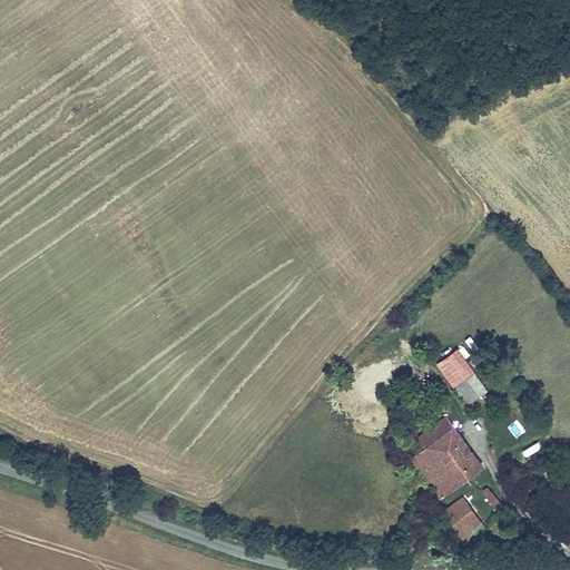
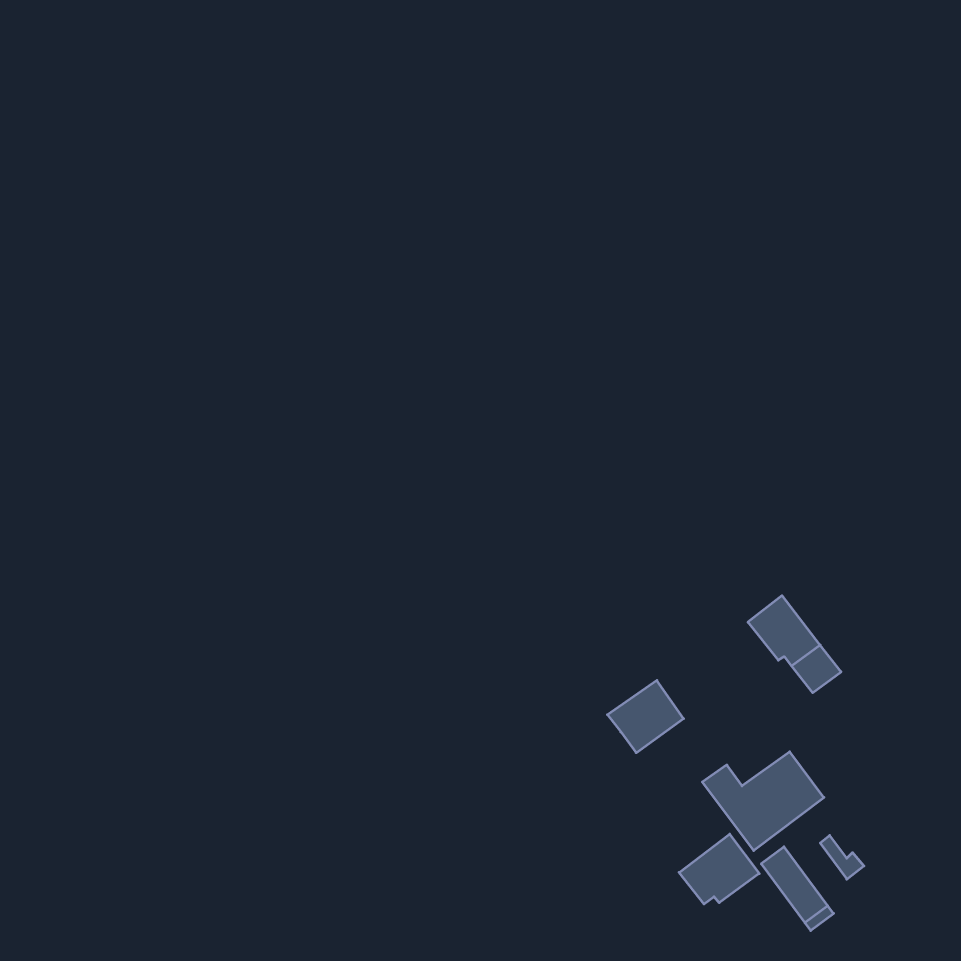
building: [417,417,462,460] -> [607,680,684,753]
building: none -> [679,834,759,904]

